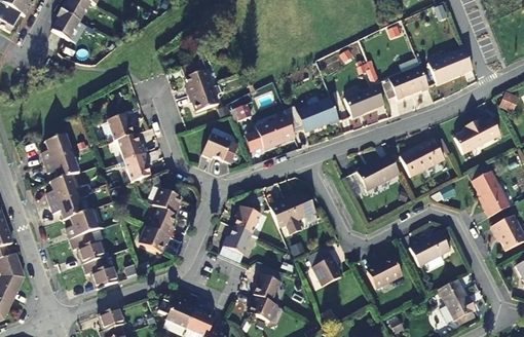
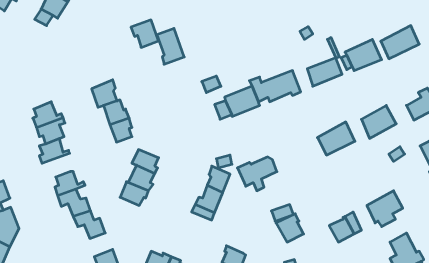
building: [186,83,217,114] -> [131,20,159,47]
building: [199,133,237,162] -> none
building: [49,191,81,220] -> none
building: [256,266,287,303] -> none

